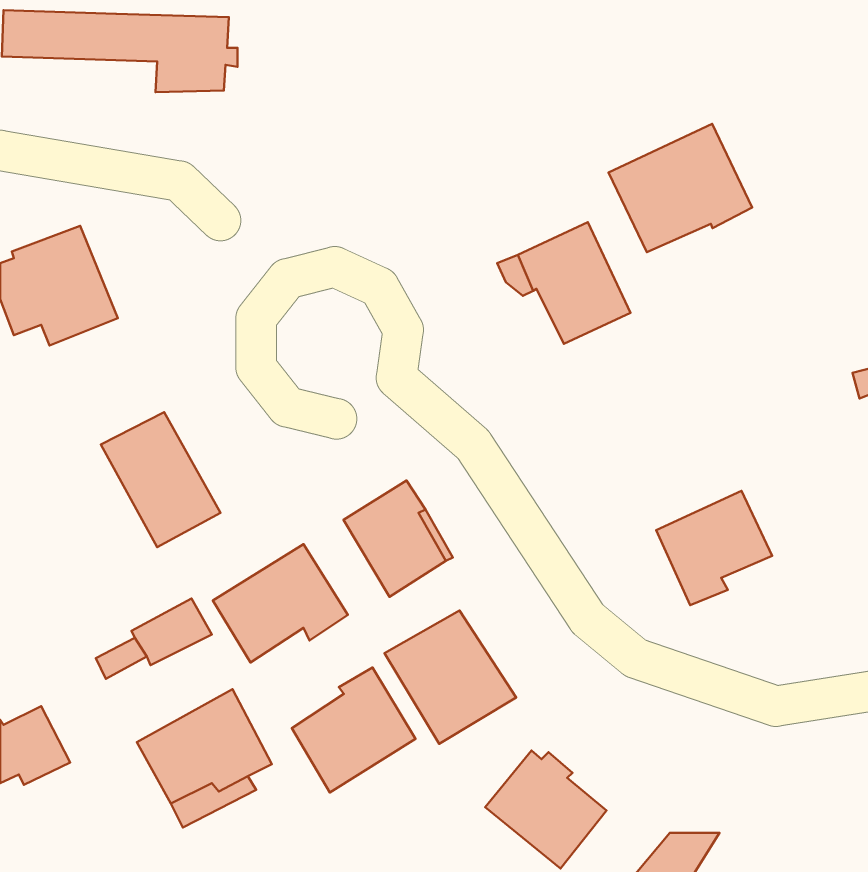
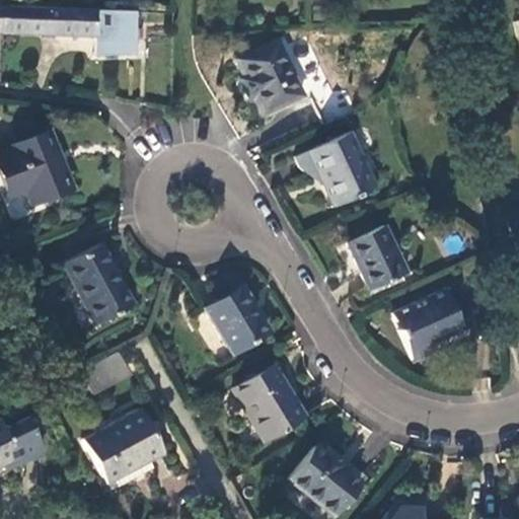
building: none -> [236,42,303,114]
building: [608,124,752,252] -> none
building: none -> [350,228,406,291]
building: [213,544,348,662] -> none
building: [292,668,415,792] -> none

